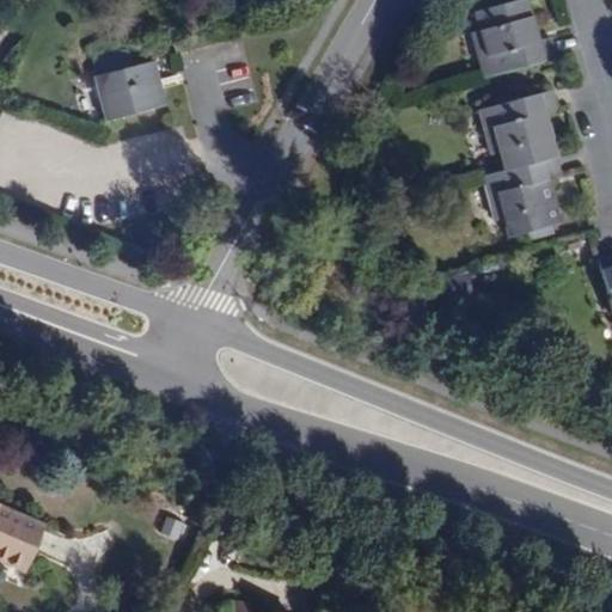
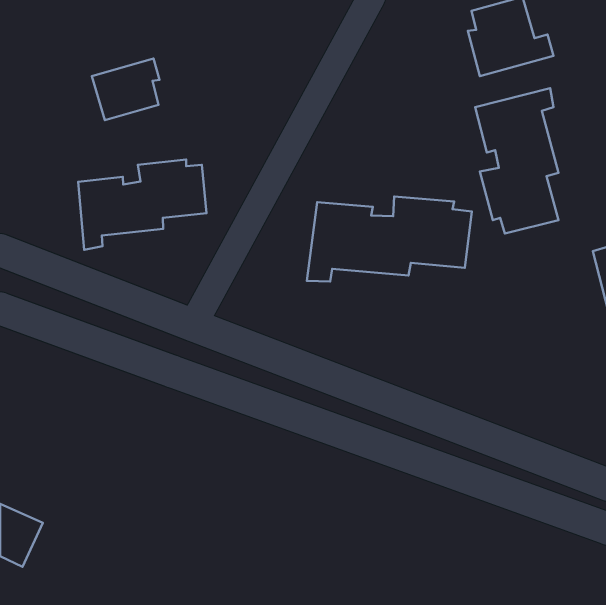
building: none -> [78,159,206,250]
building: none -> [307,196,472,281]

